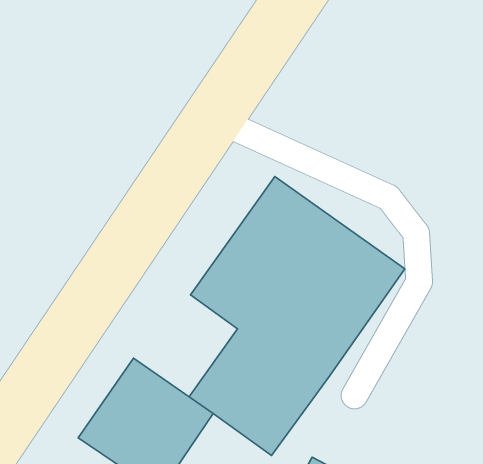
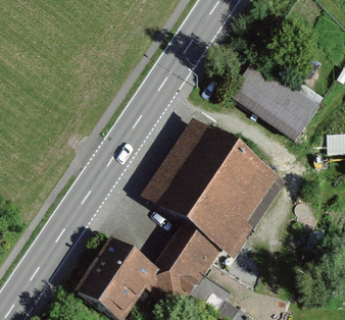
building: none -> [231,59,323,141]

